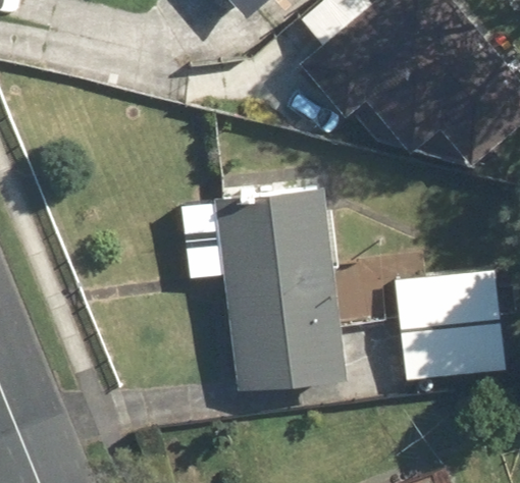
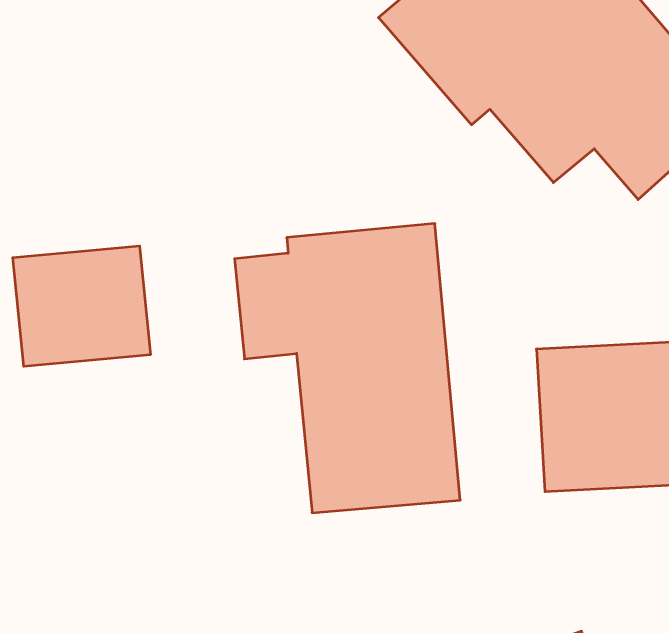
building: none -> [13,246,150,366]

